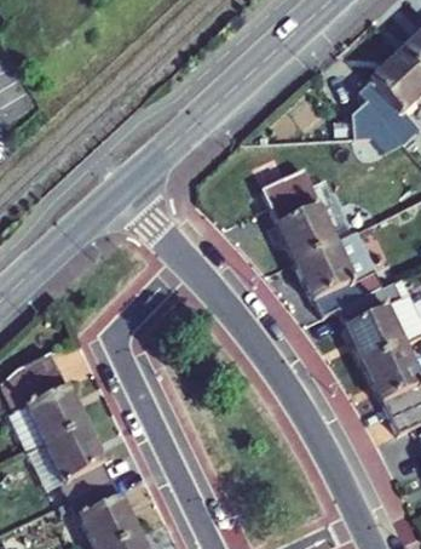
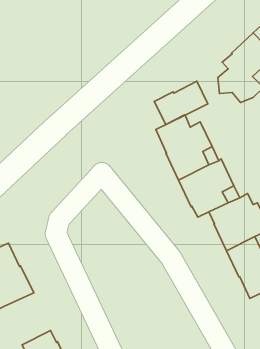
building: none -> [154,81,208,125]
building: [45,424,111,499] -> none

